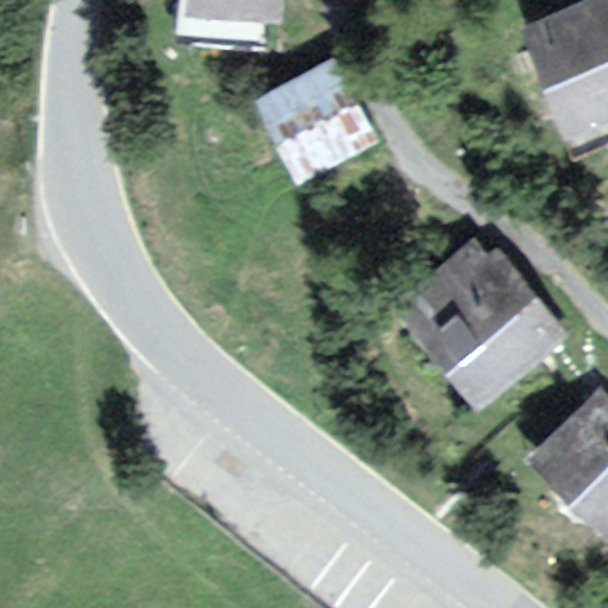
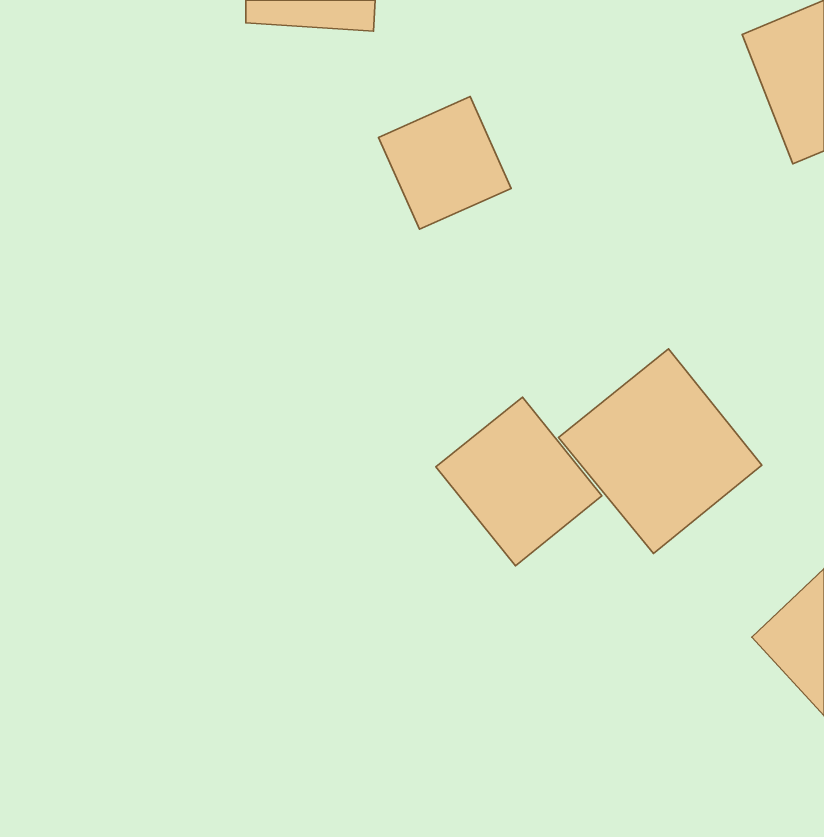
building: none -> [436,397,602,566]

